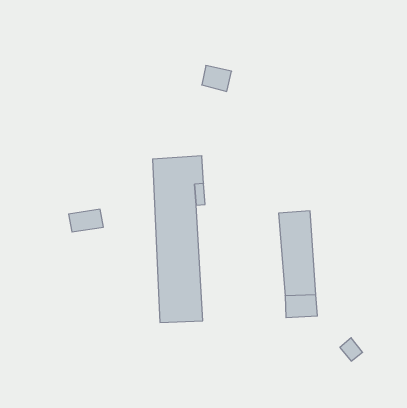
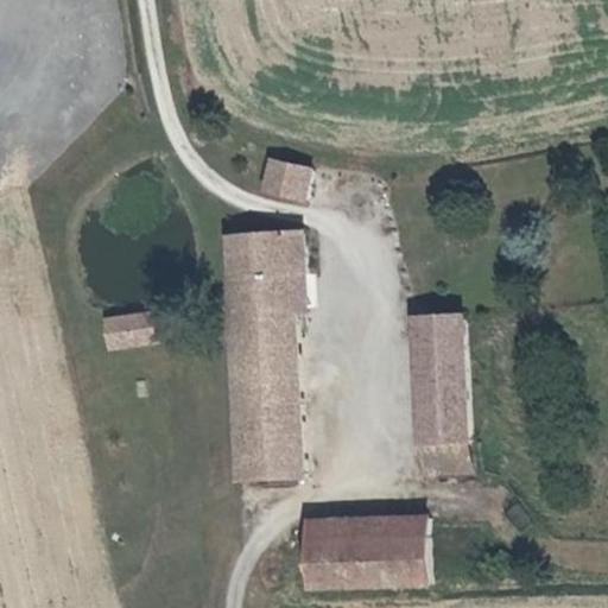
building: [202,66,232,91] -> [261,156,305,194]
building: none -> [305,532,425,581]

